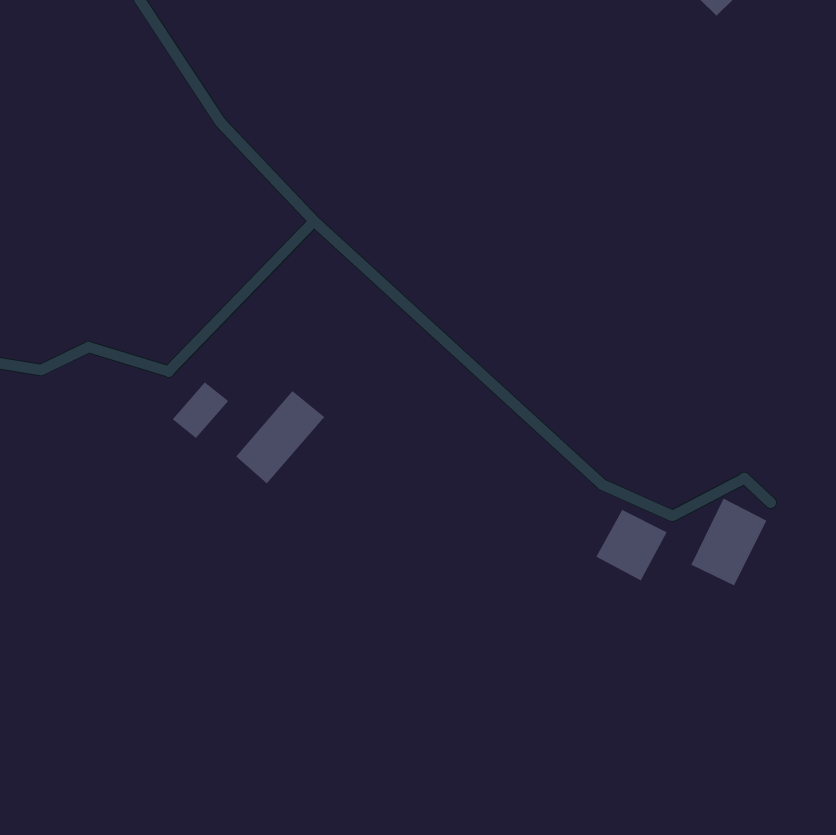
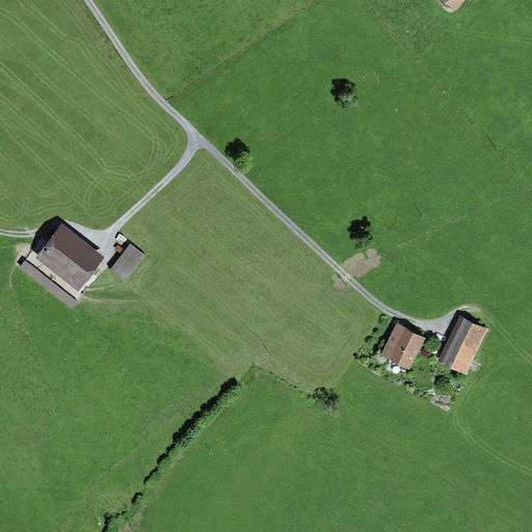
building: none -> [31,227,99,288]
building: [235,390,325,484] -> none

